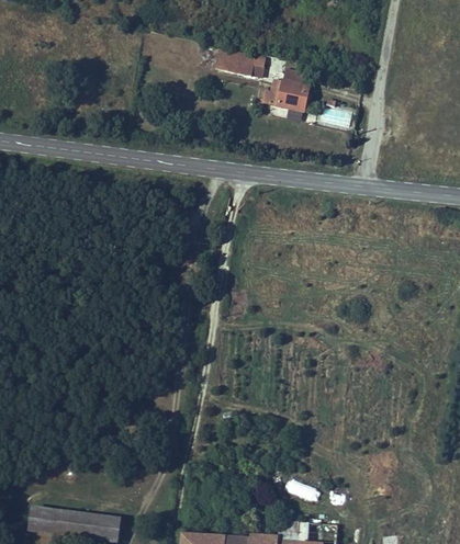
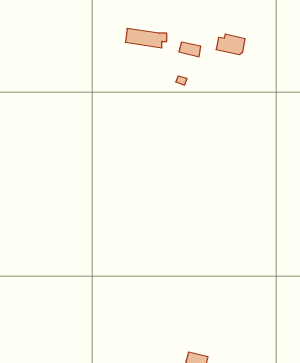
building: [276,84,315,112] -> [216,34,245,54]

